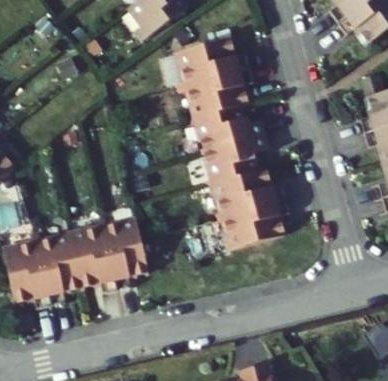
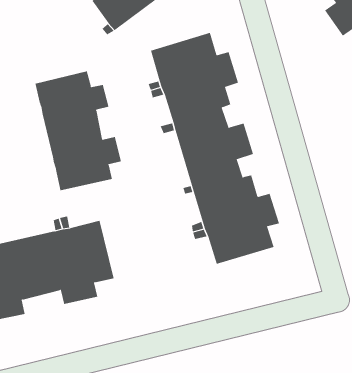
building: none -> [35,71,122,191]

